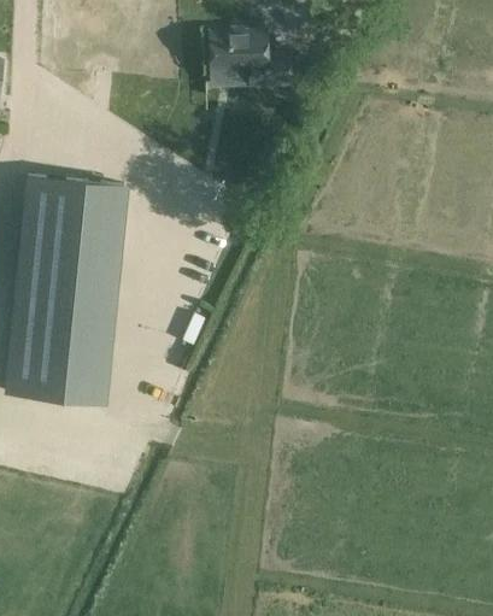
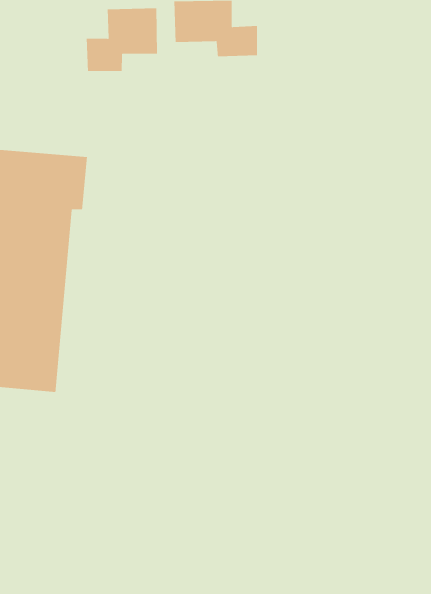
building: none -> [86,8,158,72]

